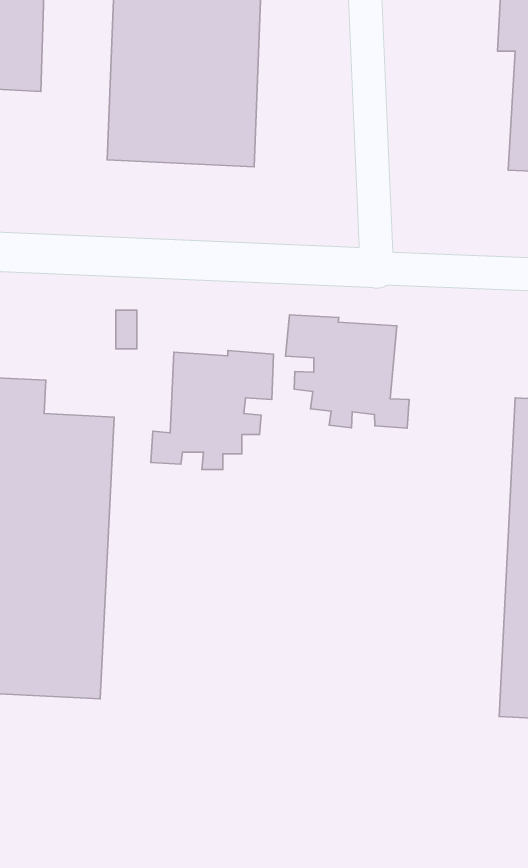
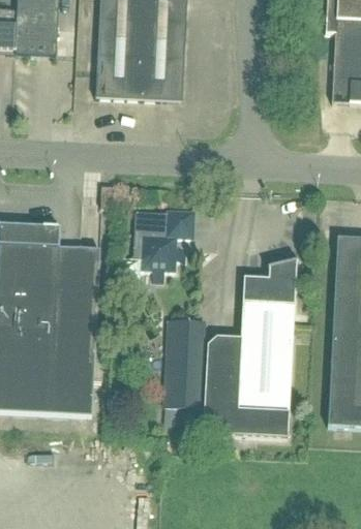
building: [286,315,409,428] -> none
building: none -> [202,257,296,436]
building: none -> [163,317,199,406]

